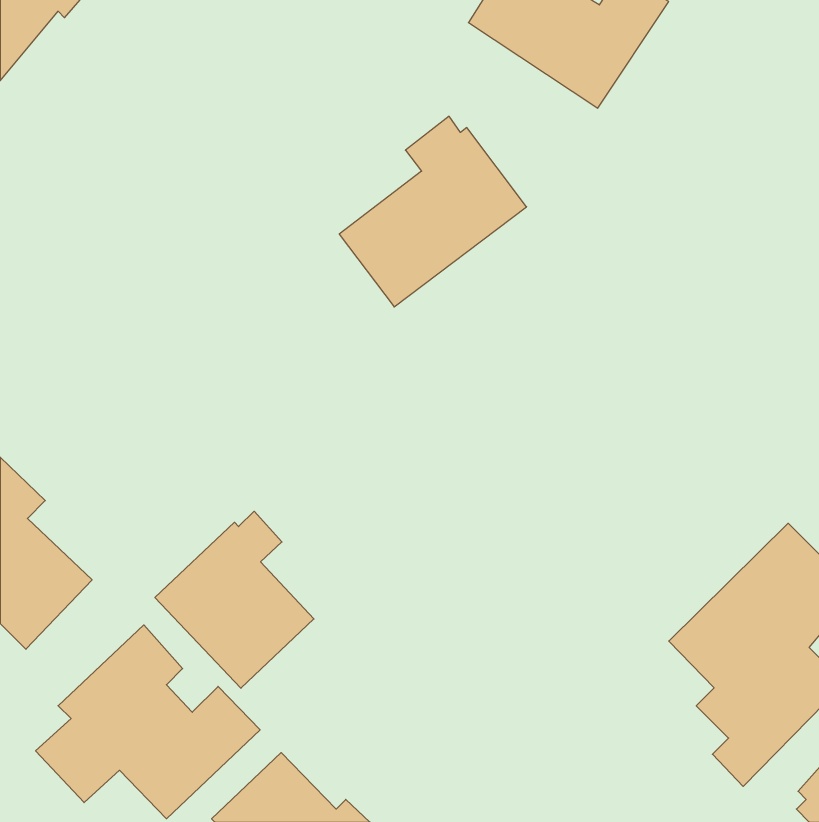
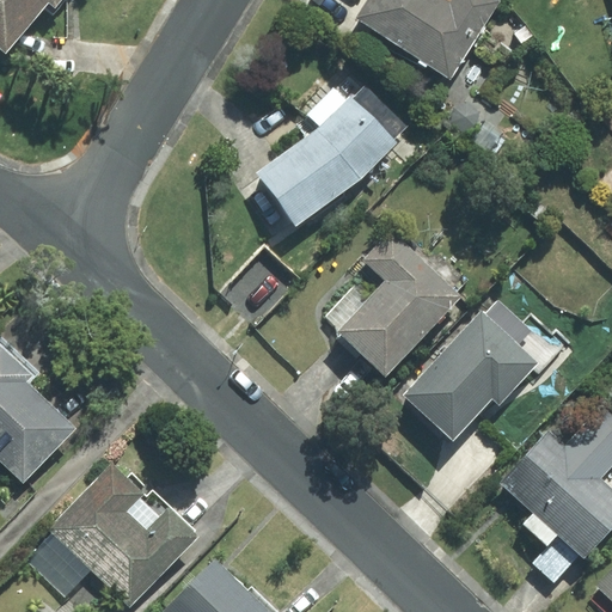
building: none -> [332,230,463,380]
building: none -> [402,300,547,441]
building: [155,511,314,688] -> none

